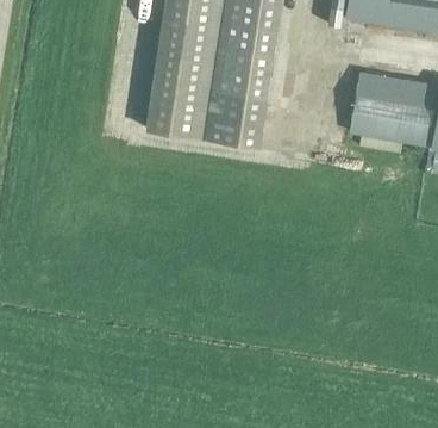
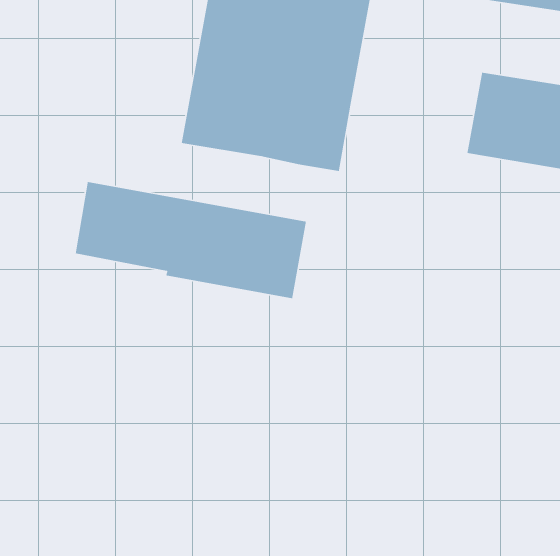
building: none -> [75,181,307,299]

